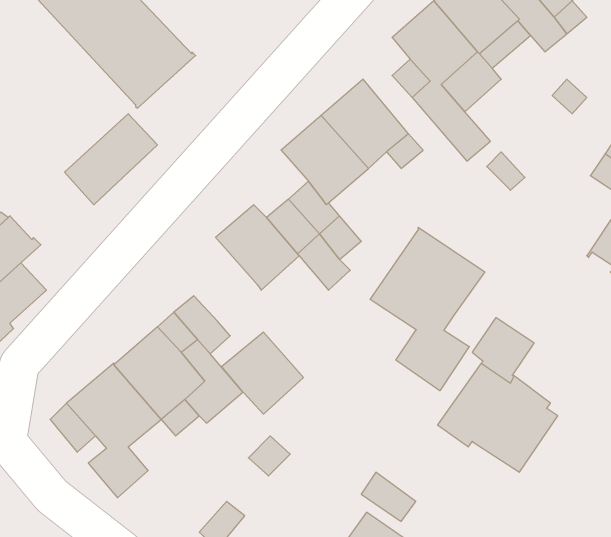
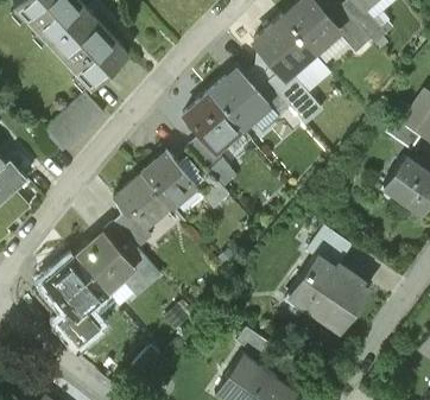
building: [370,227,485,391] -> none
building: [222,332,303,414] -> [116,174,170,228]

